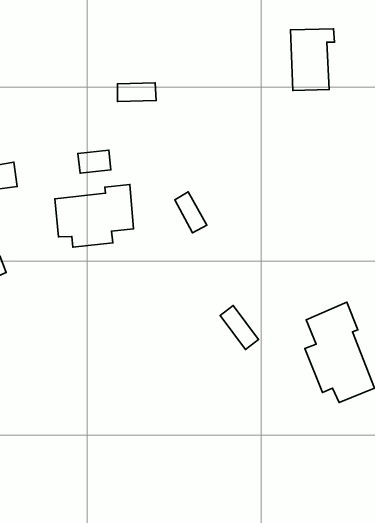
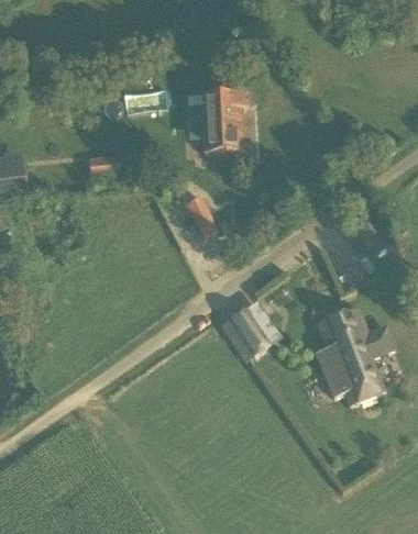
building: [291,29,335,91] -> [200,90,244,152]
building: [55,185,134,247] -> none

